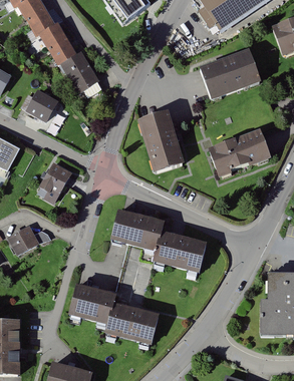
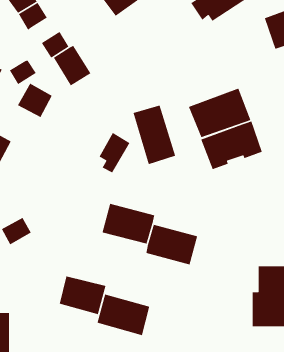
building: [38,23,66,49] -> [9,59,37,85]
building: [200,48,264,99] -> [188,88,252,138]
building: [39,161,71,204] -> [99,132,130,174]

